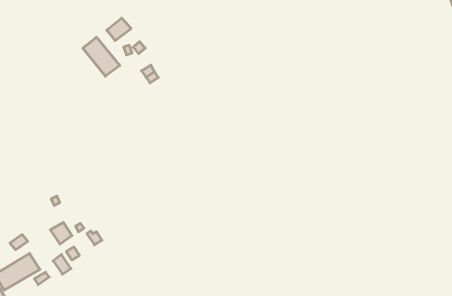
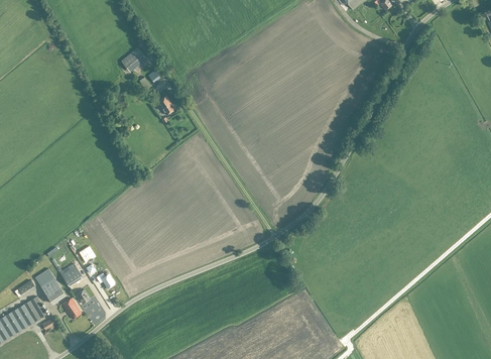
building: [83,37,120,76] -> none
building: none -> [34,269,65,305]

